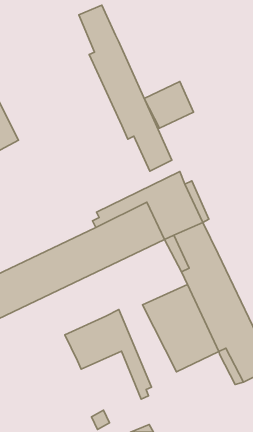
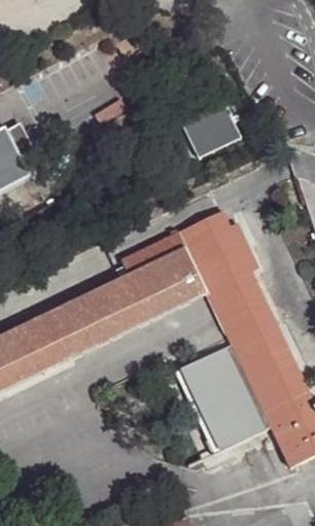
building: [79,5,172,171] -> none
building: [65,310,152,399] -> none

